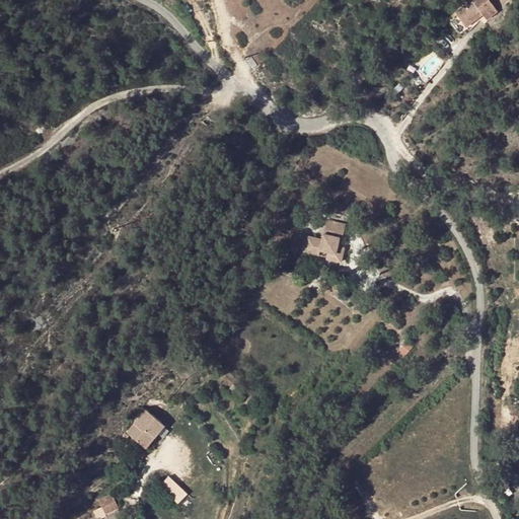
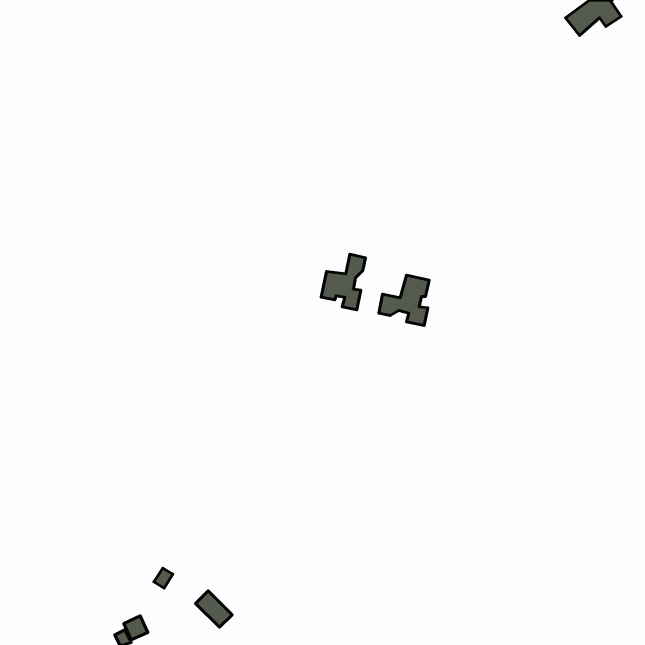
building: none -> [321,254,366,310]
building: [127,410,164,447] -> none

